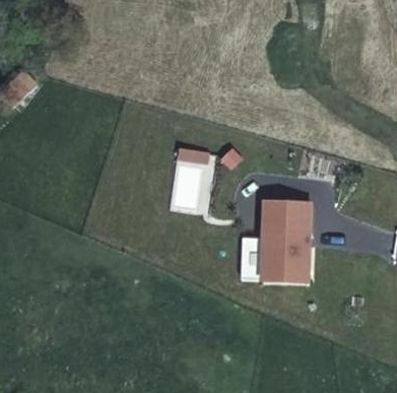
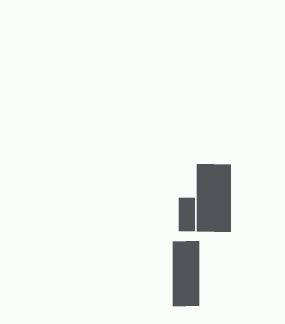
building: none -> [172,240,200,307]

